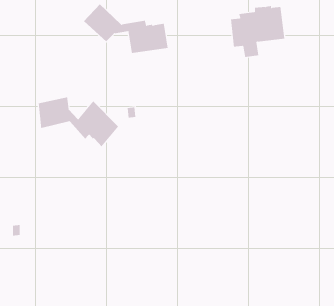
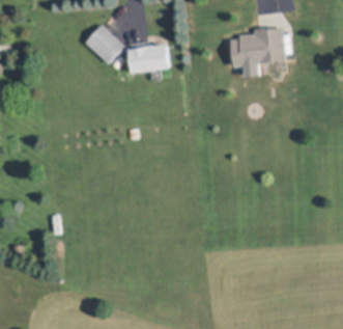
building: [38,97,119,147] -> none

